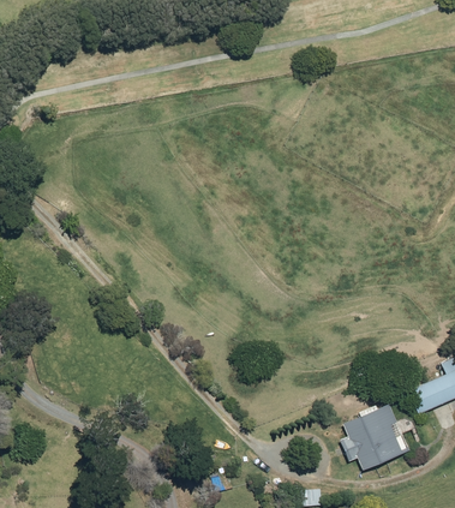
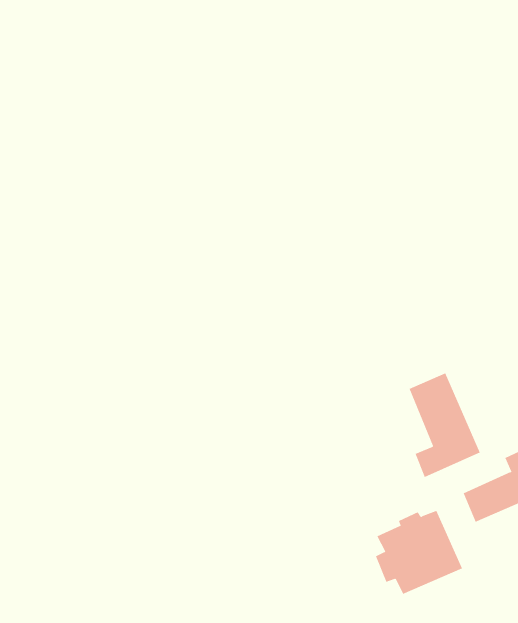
building: none -> [409,372,480,478]

